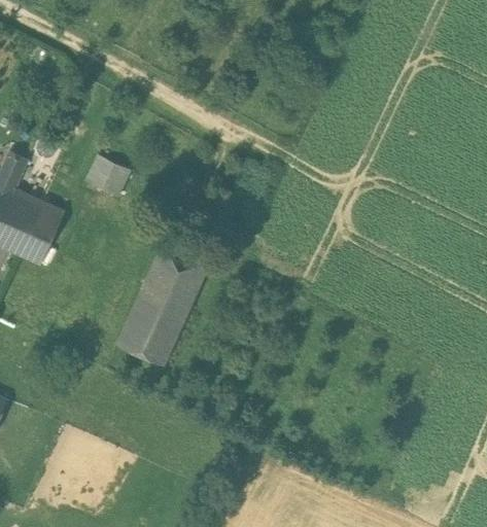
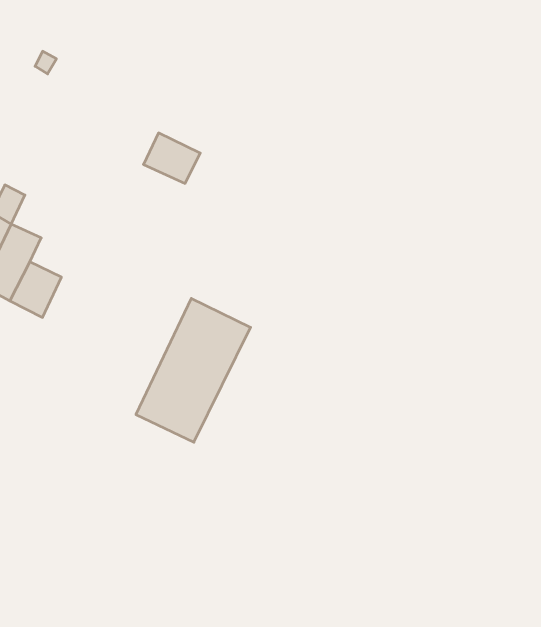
building: [84,154,131,196] -> [143,133,200,183]
building: [29,199,64,231] -> none

